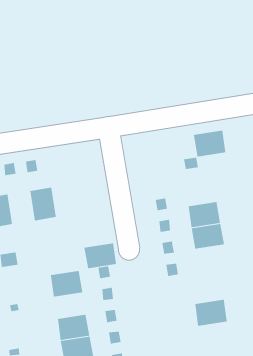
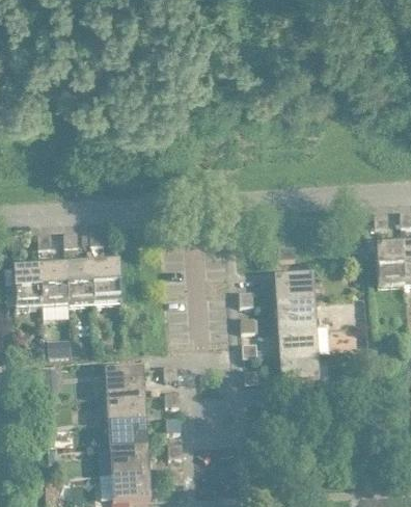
building: [192,130,226,157] -> [274,272,312,301]
building: none -> [65,265,93,302]
building: [84,243,117,269] -> [107,392,144,420]
building: [194,299,228,327] -> [280,351,319,380]

